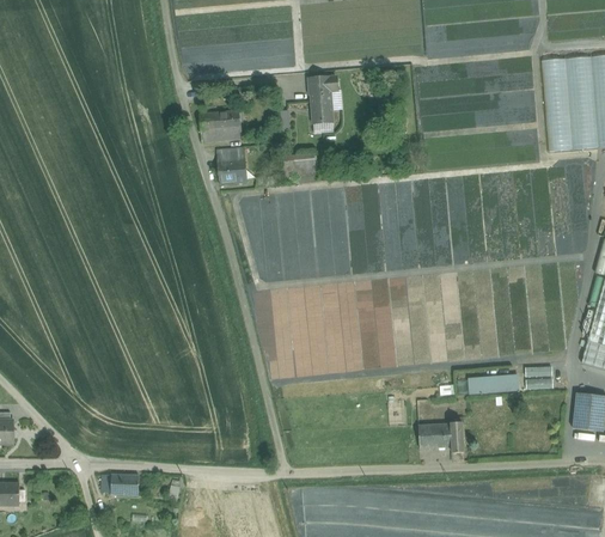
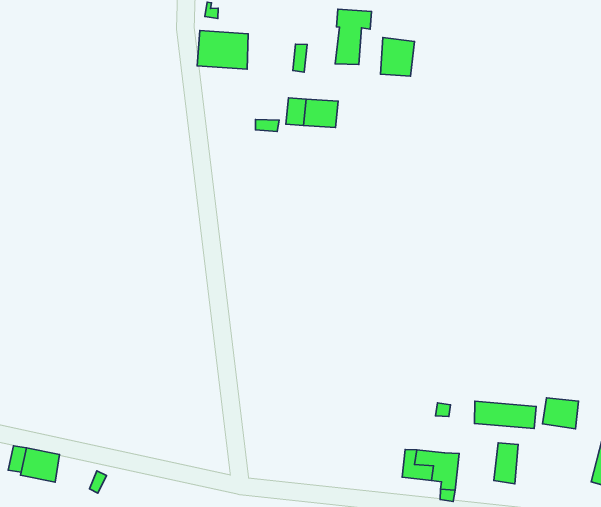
building: none -> [380,38,415,76]
building: [218,147,248,184] -> none
building: none -> [494,443,518,484]

